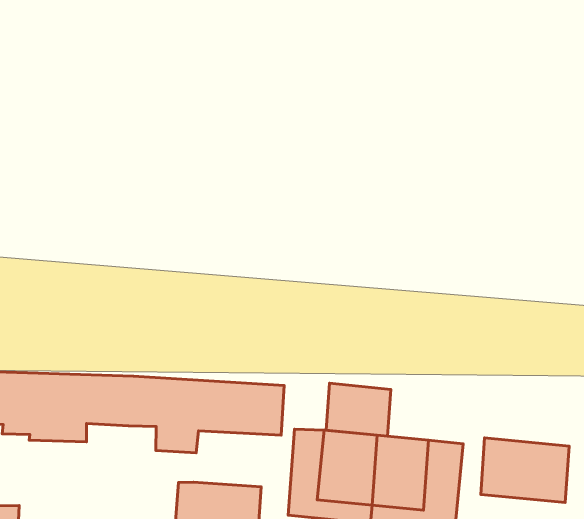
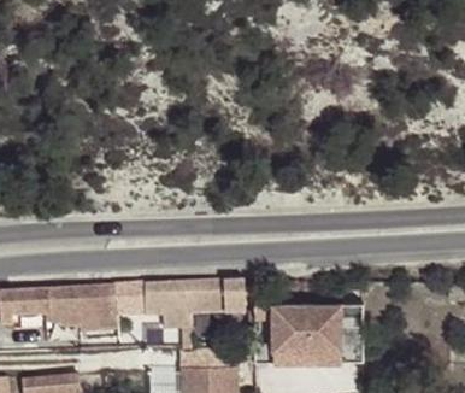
building: [326,383,391,436] -> none
building: [481,438,569,503] -> none

